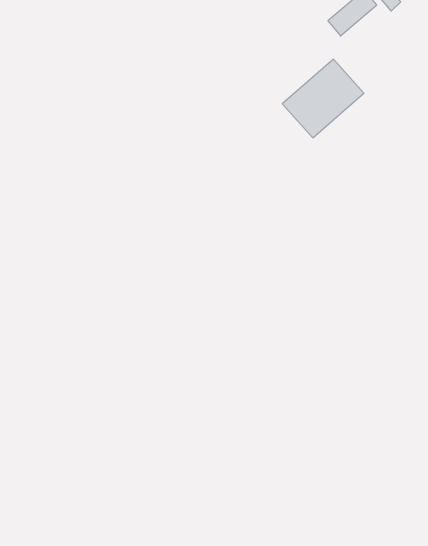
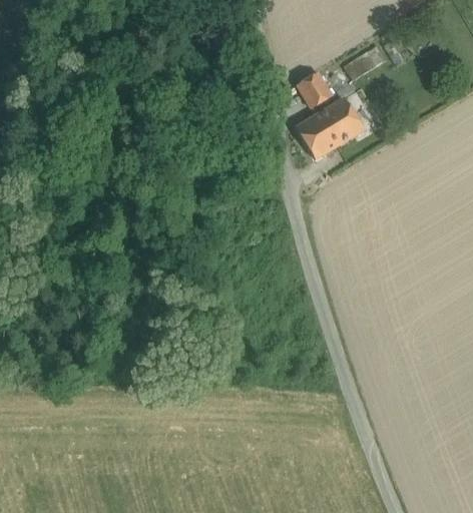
building: none -> [298,71,333,106]

